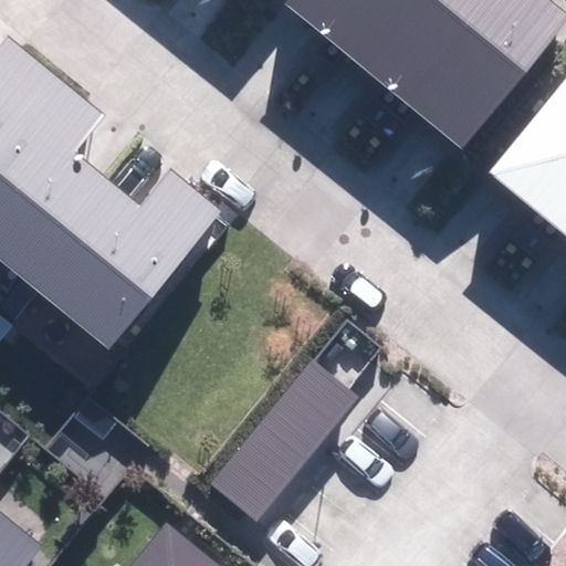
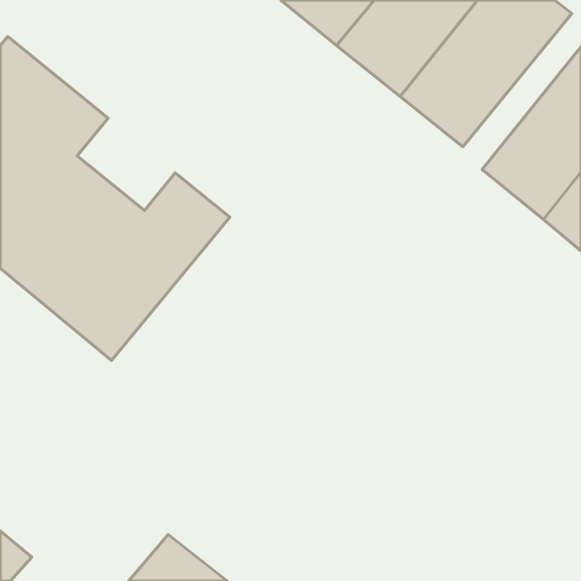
building: [209,358,360,524] -> none

